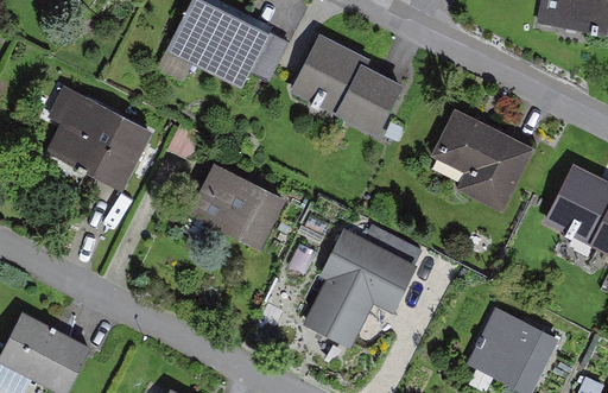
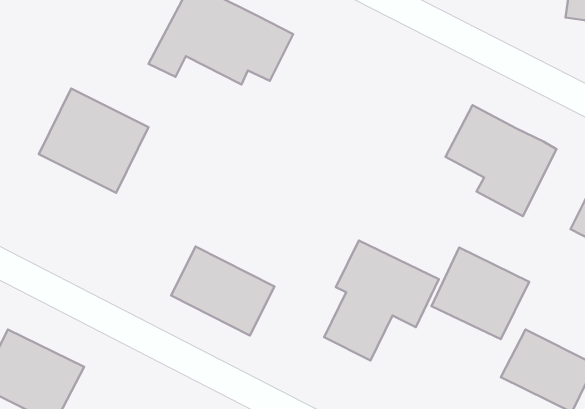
building: [291,37,398,133] -> none
building: [194,163,289,245] -> [171,246,274,335]
building: none -> [432,248,529,339]

